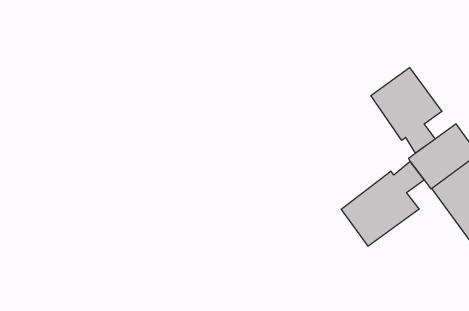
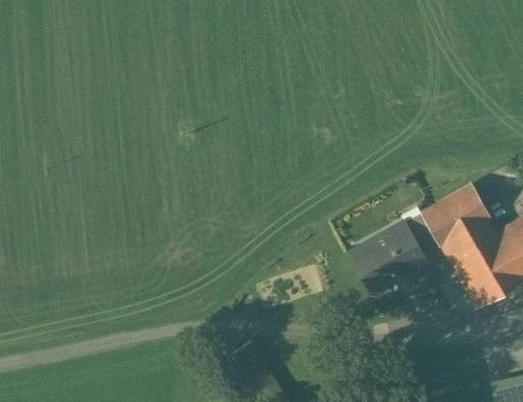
building: [371,67,442,153] -> none

